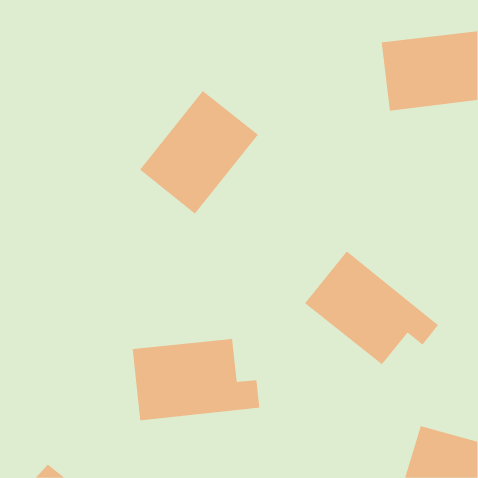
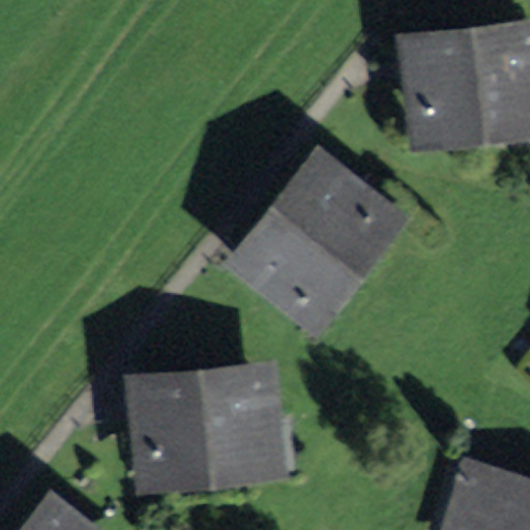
building: [139,90,259,214] -> [249,167,382,304]
building: [304,250,439,365] -> none

